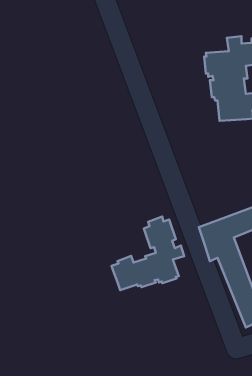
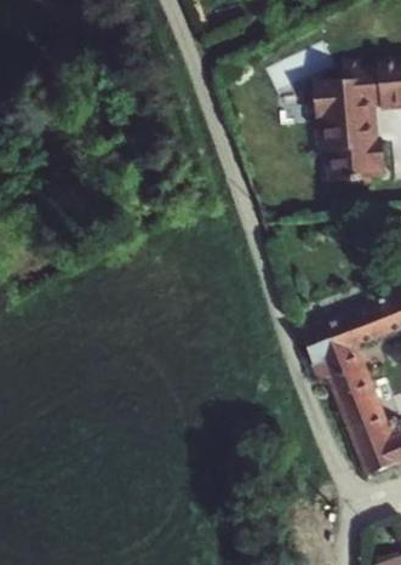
building: [112,216,184,290] -> none

